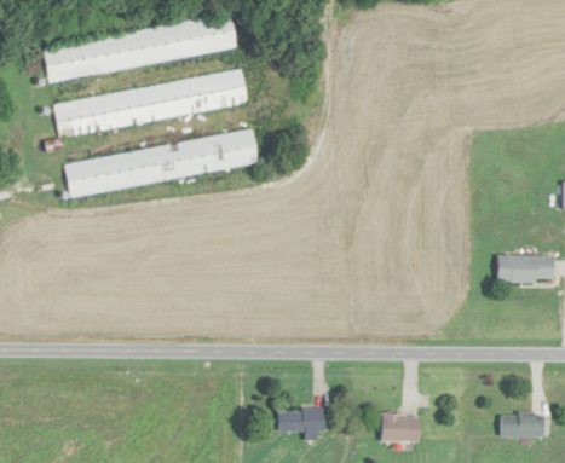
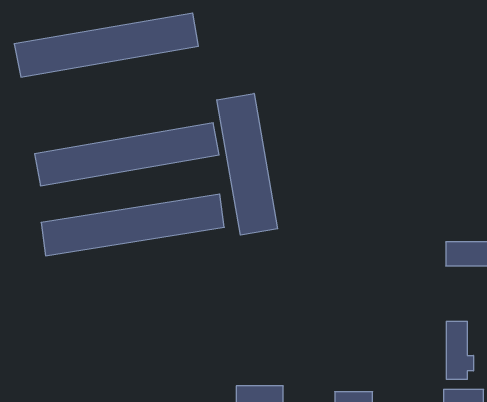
building: [56,71,249,137] -> [41,194,224,256]
building: none -> [217,93,278,235]
building: none -> [446,321,473,379]

